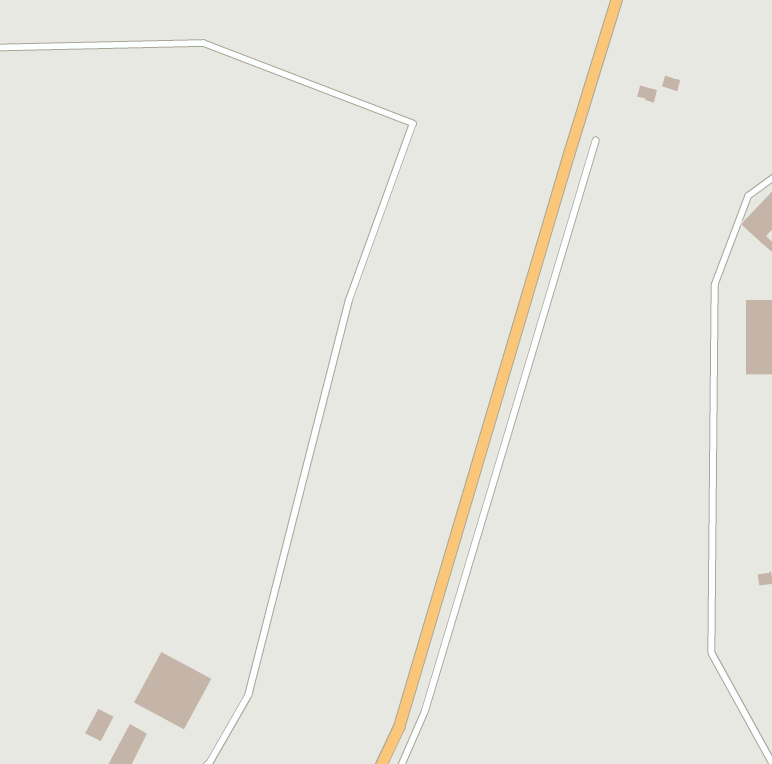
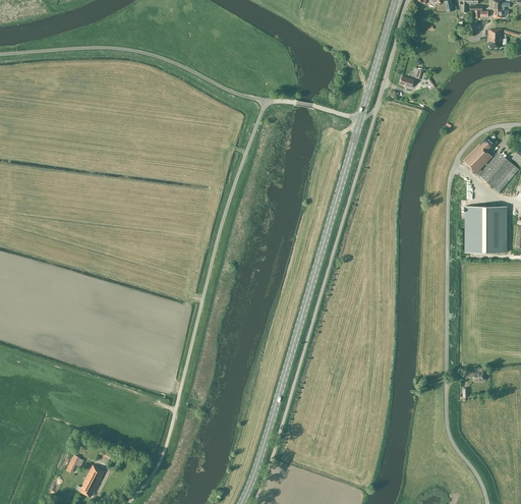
building: [133,651,212,730] -> none

